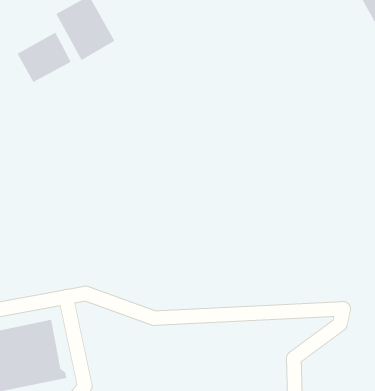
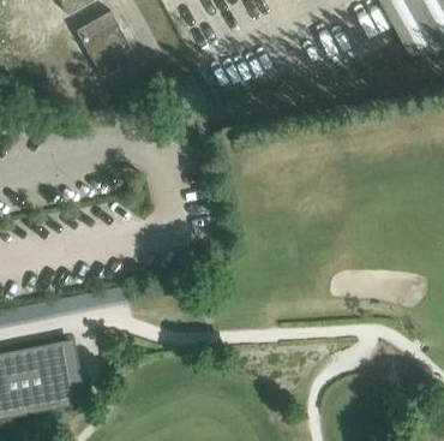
building: [17,32,71,83] -> none

